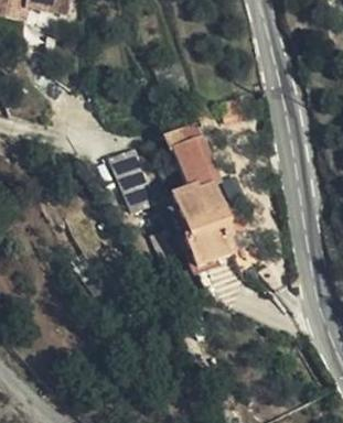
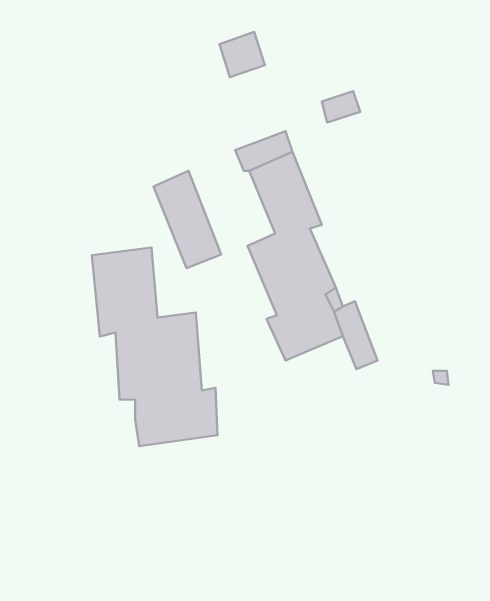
building: none -> [92,248,217,446]

